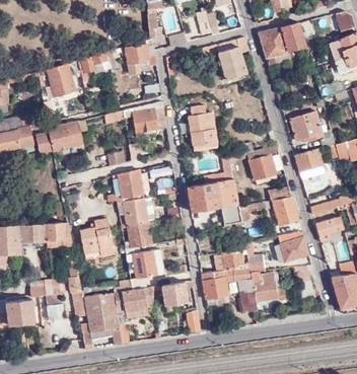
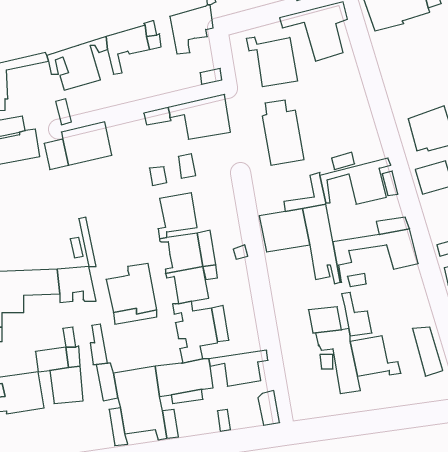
building: none -> [247,37,297,87]
building: [275,235,308,264] -> none
building: [201,270,228,300] -> none

